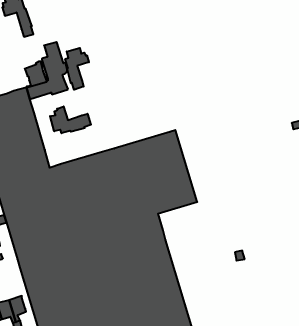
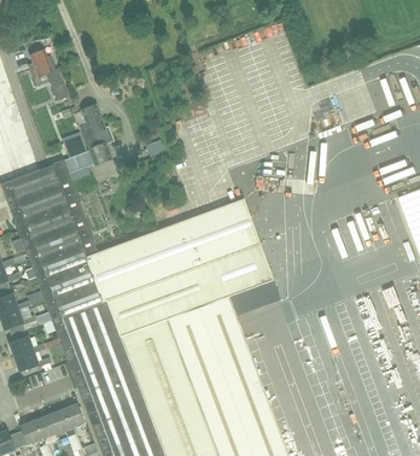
building: [65,48,89,90] -> none
building: [50,106,91,133] -> none

